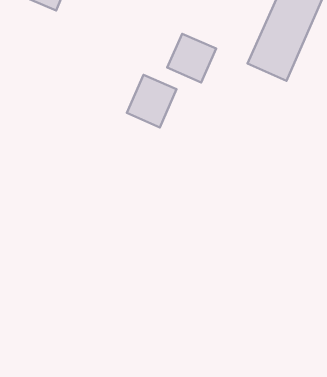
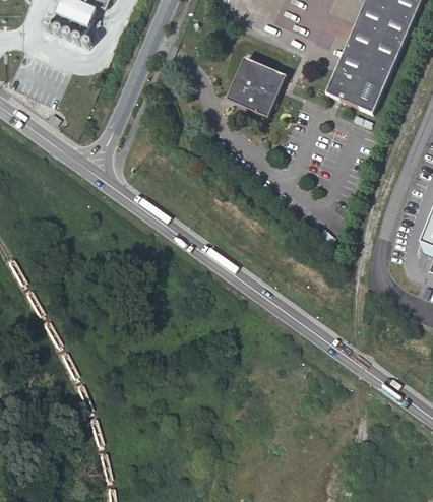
building: [127,75,176,127] -> none

